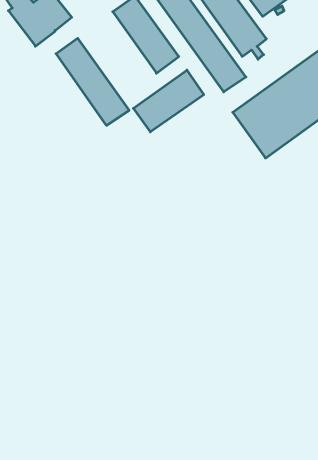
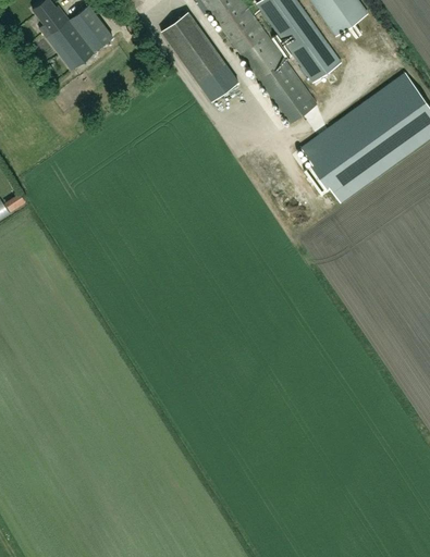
building: [56,38,129,125] -> none
building: [133,70,204,132] -> none

